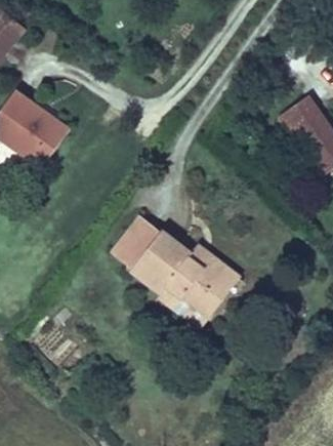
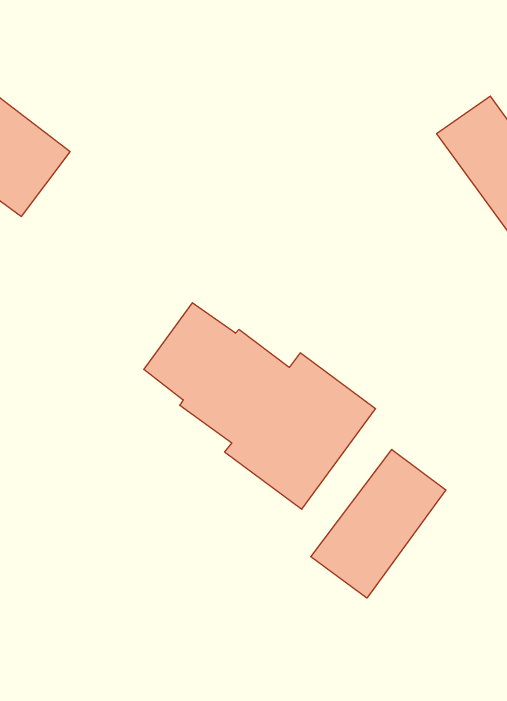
building: none -> [311,449,446,598]

